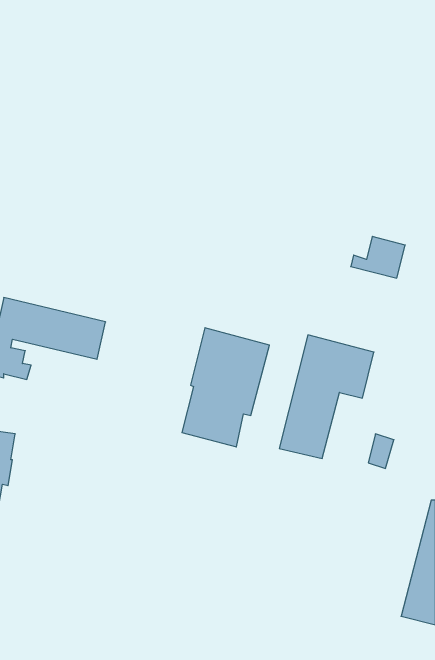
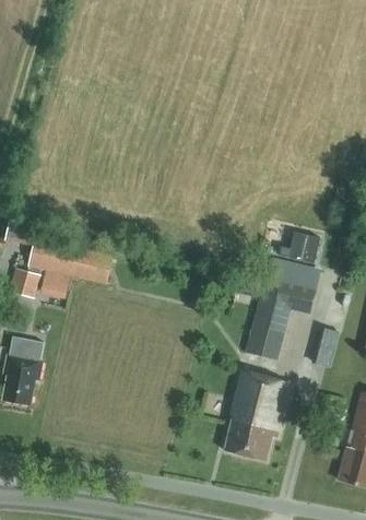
building: [351,236,405,278] -> [278,232,319,263]
building: [182,328,269,447] -> [224,370,291,461]

